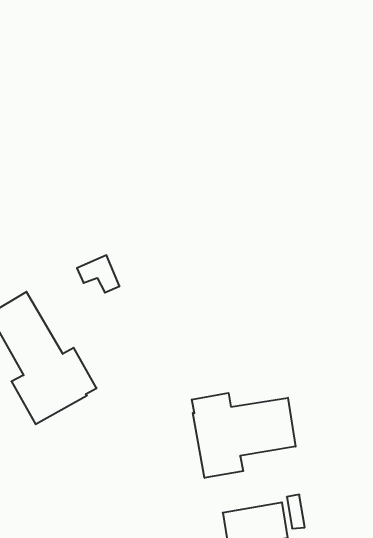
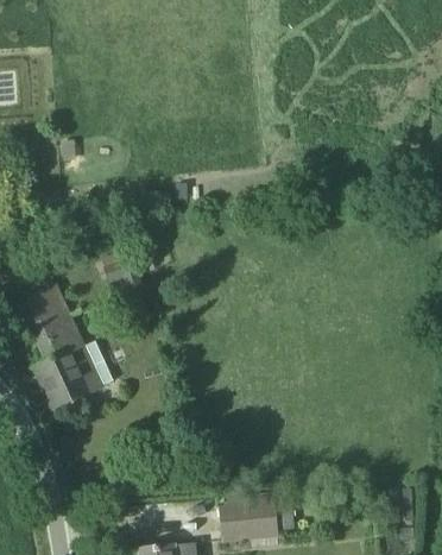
building: [192,393,296,478] -> none

